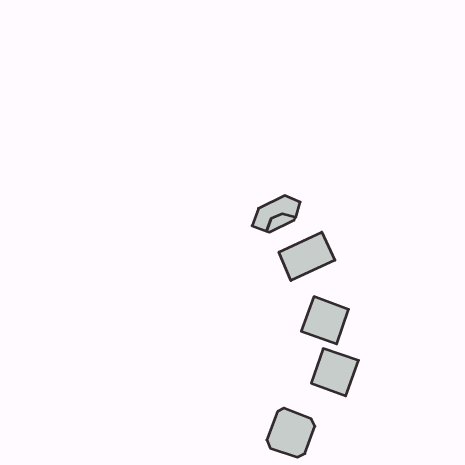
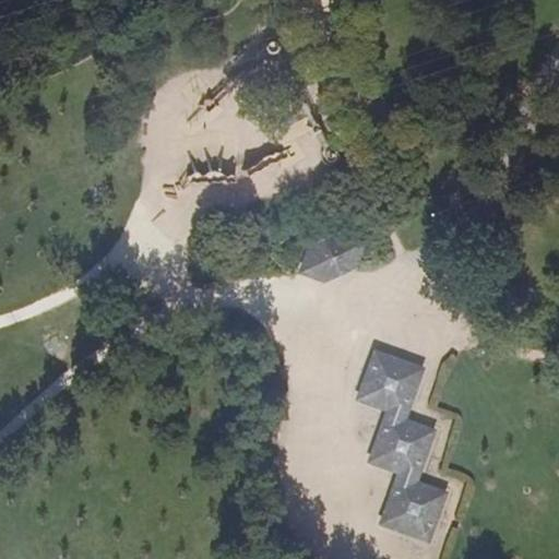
building: [279,232,335,281] -> none
building: [267,408,315,457] -> [384,478,442,537]

